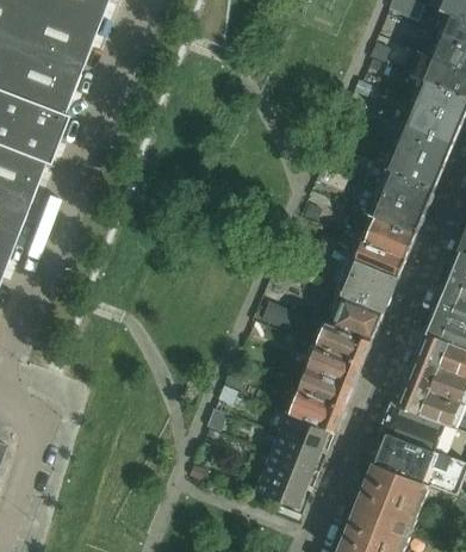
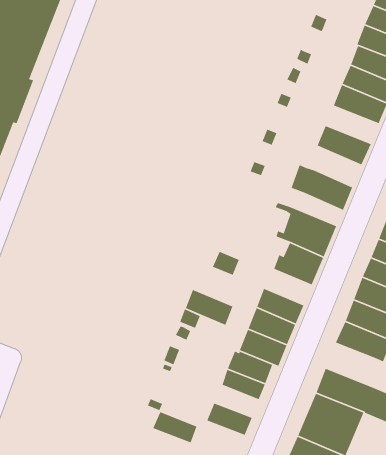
building: [387,143,447,185] -> none
building: [367,187,428,232] -> none
building: [335,230,408,275] -> none
building: [319,322,373,362] -> [185,289,234,326]
building: [381,402,443,449] -> none
building: [265,451,315,486] -> [152,411,198,444]

